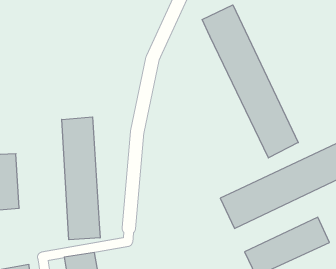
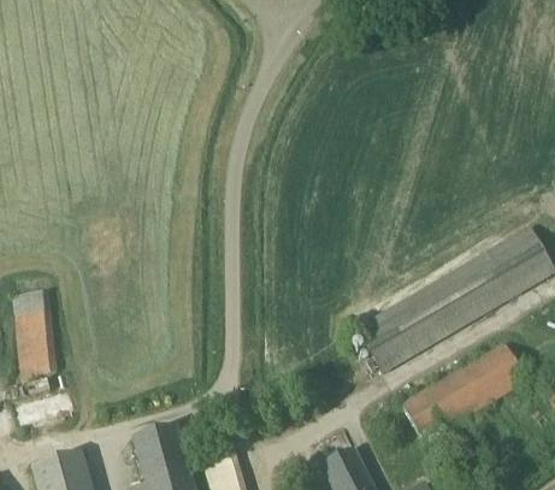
building: [202,5,298,158] -> none
building: [62,117,100,240] -> none

